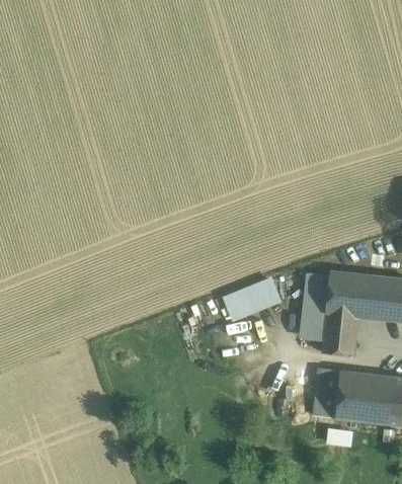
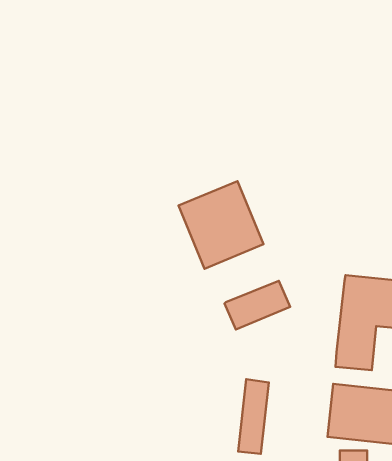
building: none -> [178,181,264,269]
building: [303,273,330,340] -> [238,379,269,454]

